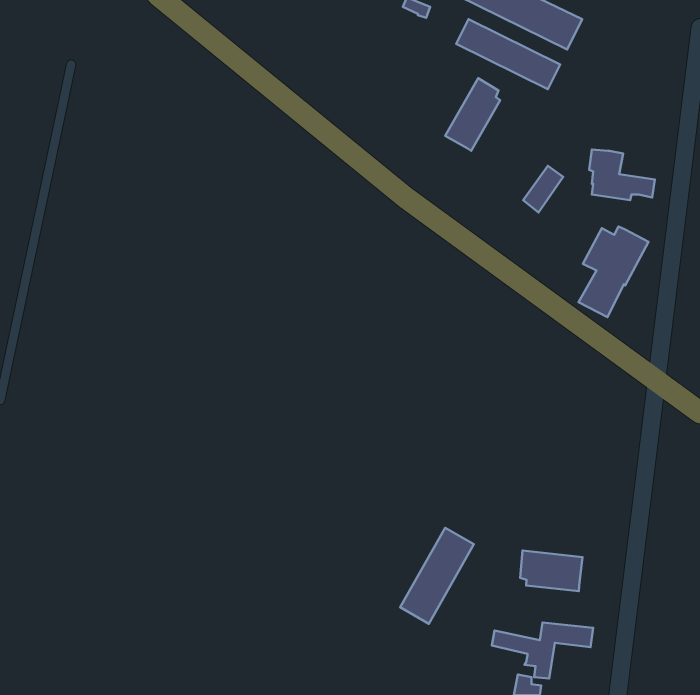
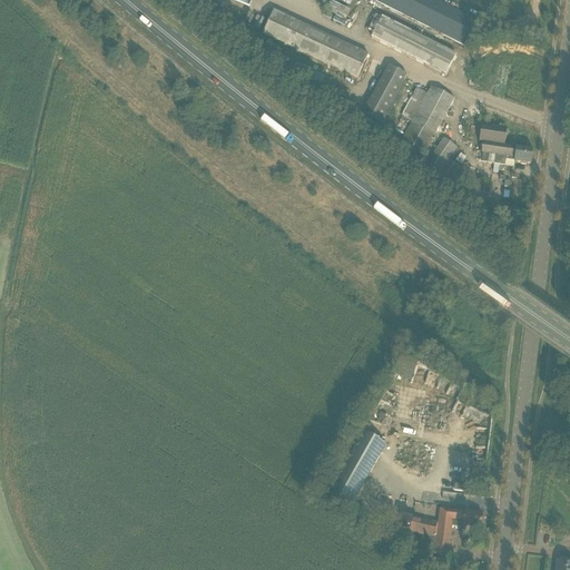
building: none -> [263,7,373,76]
building: [579,227,648,317] -> [397,83,454,157]
building: [520,551,582,591] -> none

